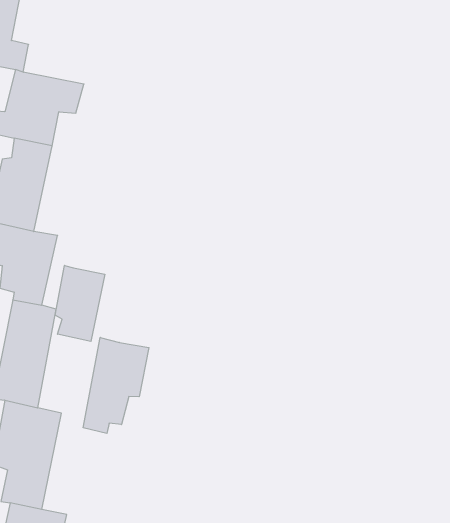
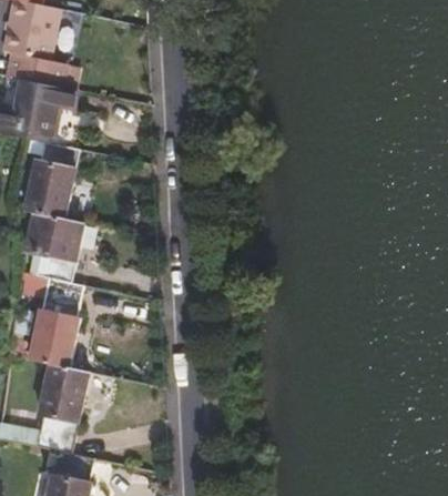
building: [55,265,105,341] -> none
building: [83,337,149,433] -> none

